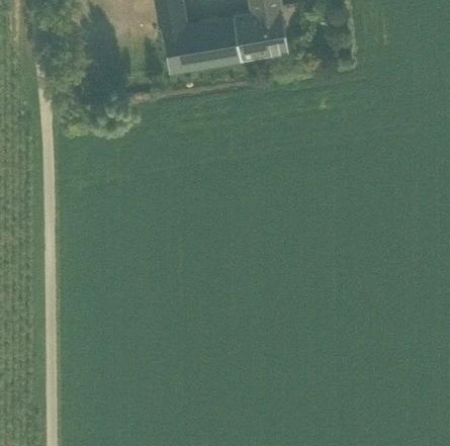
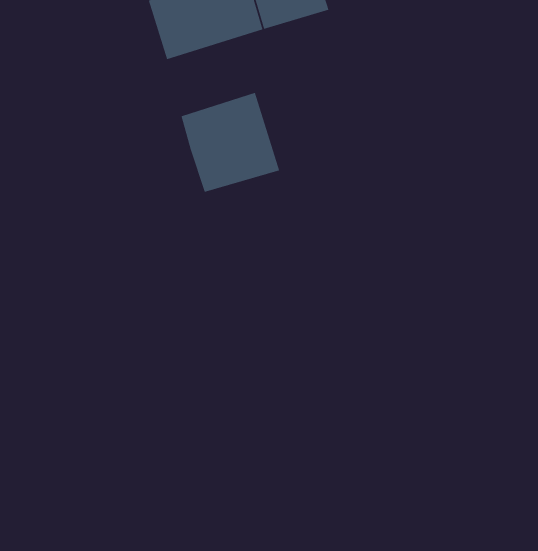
building: none -> [180,92,280,193]

